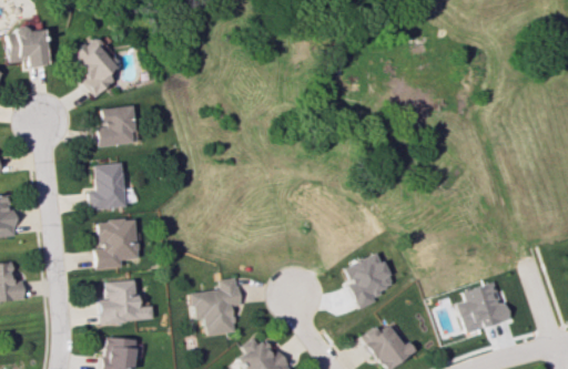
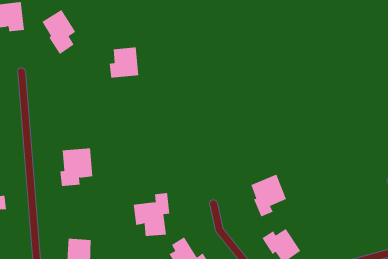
building: [97,105,136,146] -> [109,47,139,78]
building: [88,163,126,211] -> none
building: [99,280,154,324] -> none
building: [457,281,507,332] -> none

